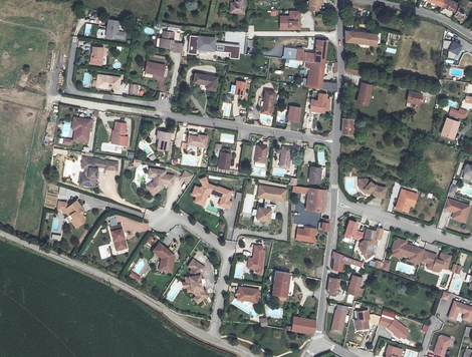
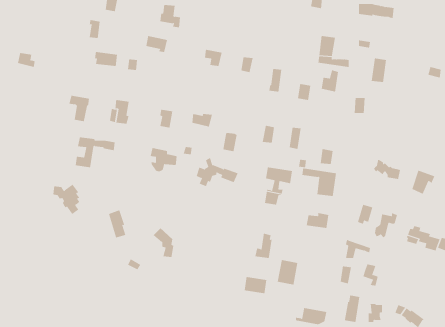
building: [188,35,240,59] -> none
building: [297,40,326,63] -> none
building: [193,258,211,302] -> none

